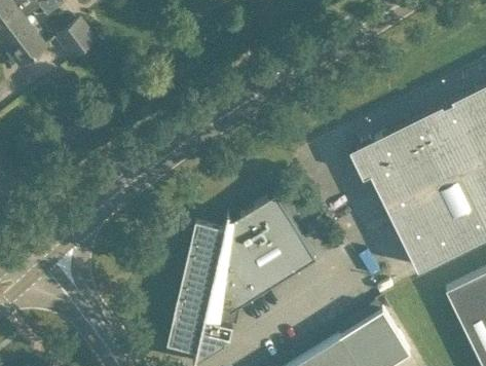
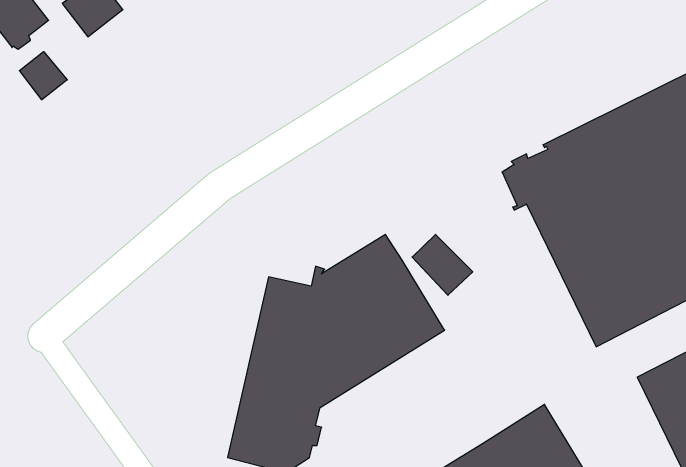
building: none -> [19,52,67,100]
building: none -> [412,234,473,295]

